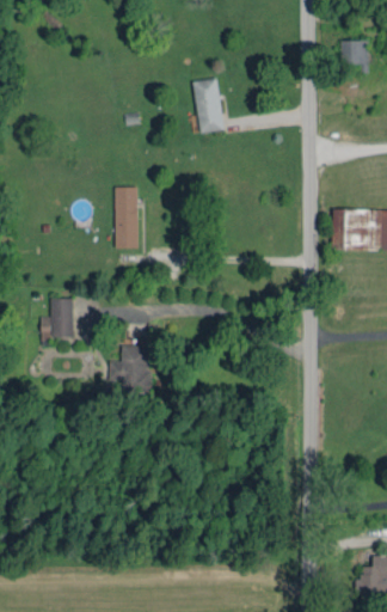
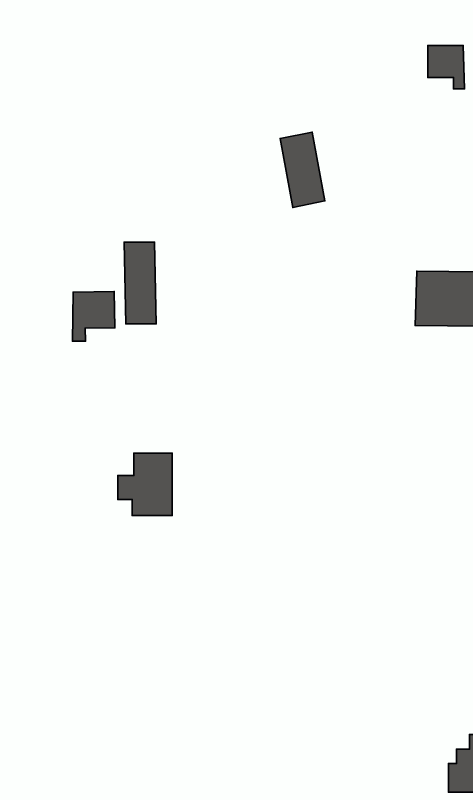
building: [192,78,226,134] -> [280,132,325,207]
building: none -> [72,291,115,341]
building: [42,298,74,338] -> none

